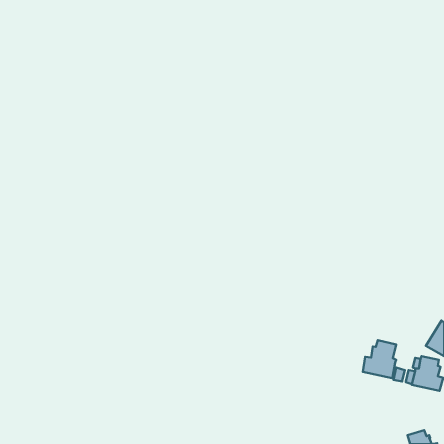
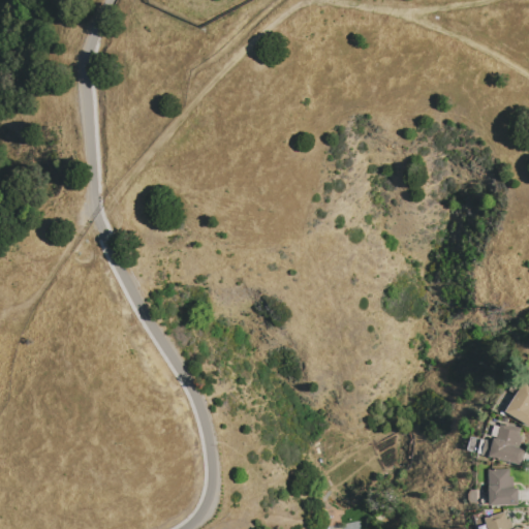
building: [363,340,396,378] -> none
building: none -> [489,468,520,505]

